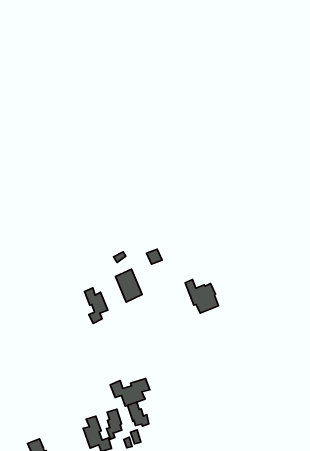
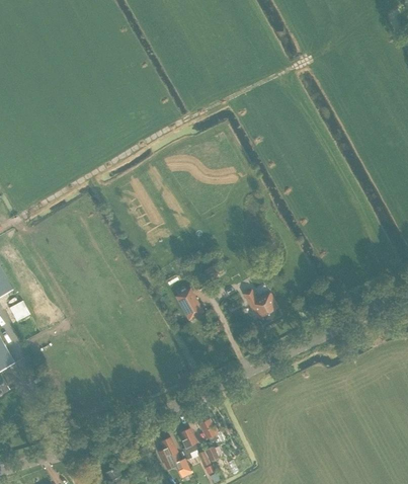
building: [84,288,108,323] -> none
building: [110,378,150,406] -> none

